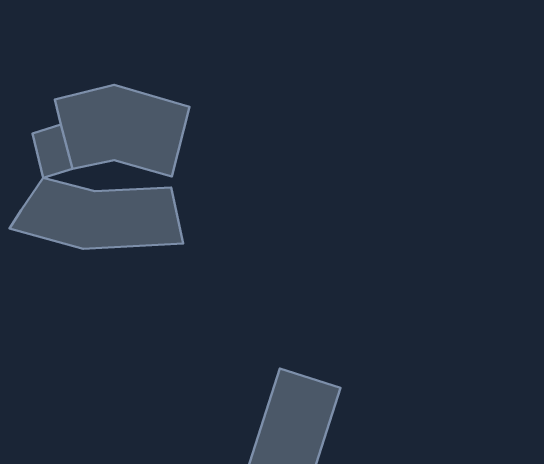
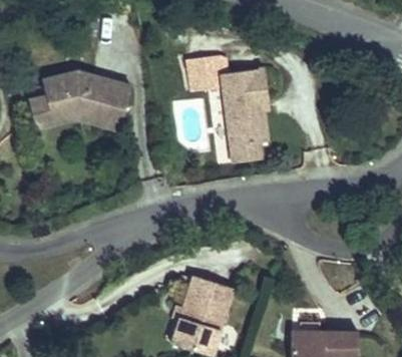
building: none -> [195,64,278,156]
building: [10,178,183,249] -> none

